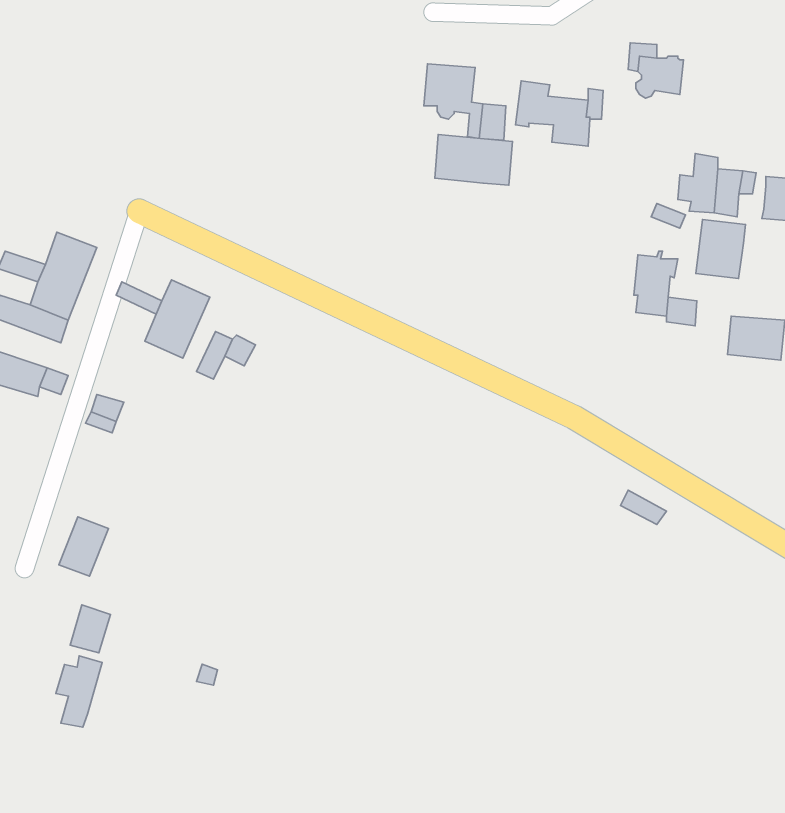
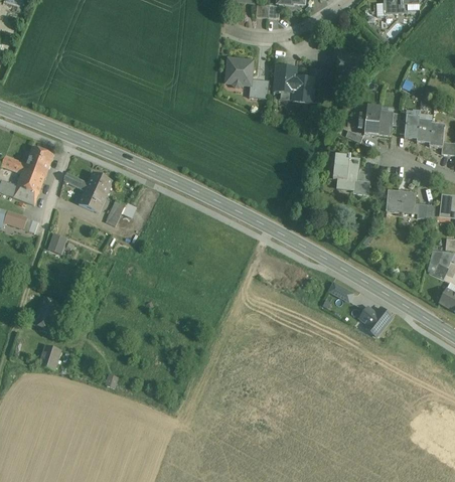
building: [435,135,512,185] -> none
building: [696,219,745,279] -> none
building: none -> [359,306,393,335]
building: [56,656,102,727] -> none

